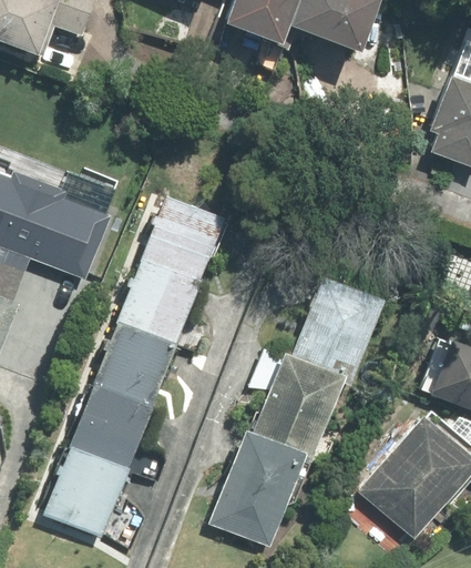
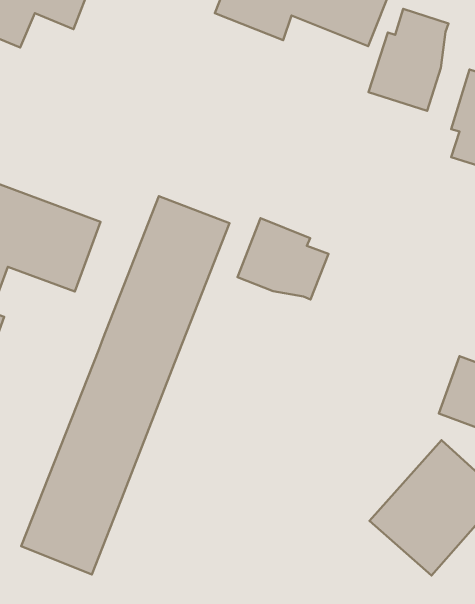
building: none -> [369,9,448,111]
building: none -> [237,218,329,300]
building: [211,275,380,546] -> none

